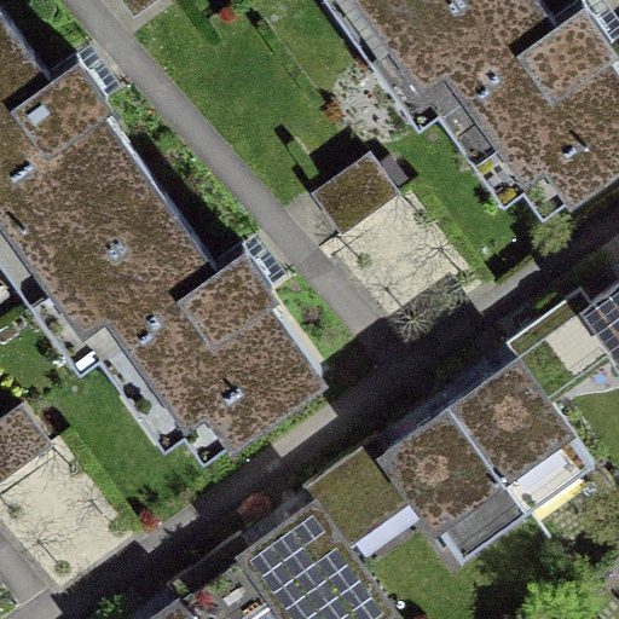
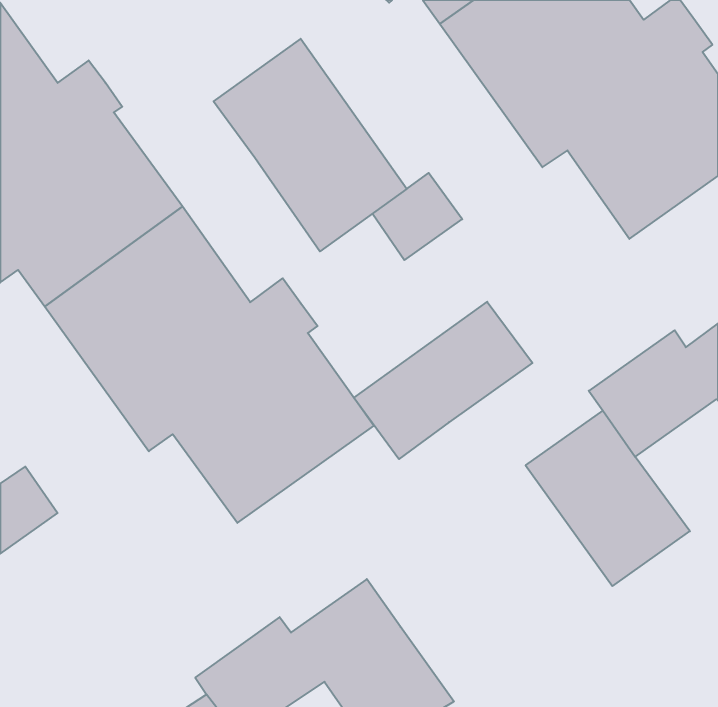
building: none -> [214,39,407,251]
building: none -> [354,302,532,459]
building: [305,410,527,562] -> none

